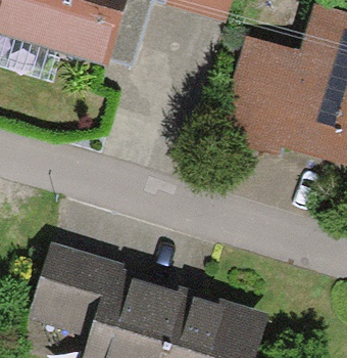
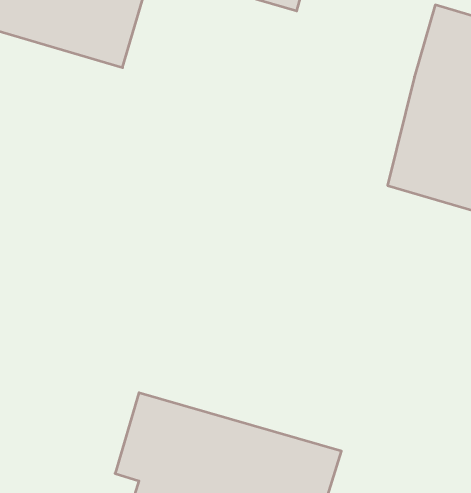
building: [224,45,302,147] -> none
building: [34,244,117,332] -> none

